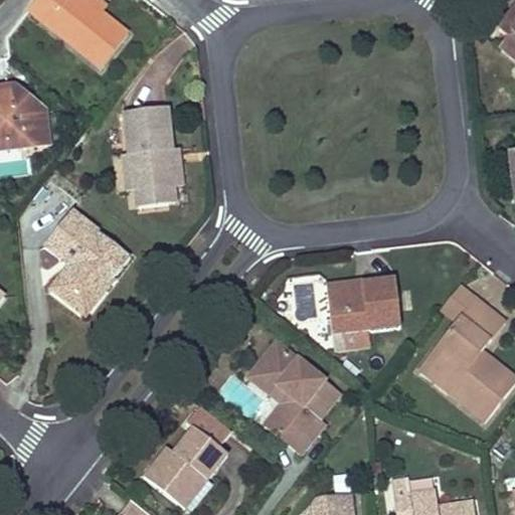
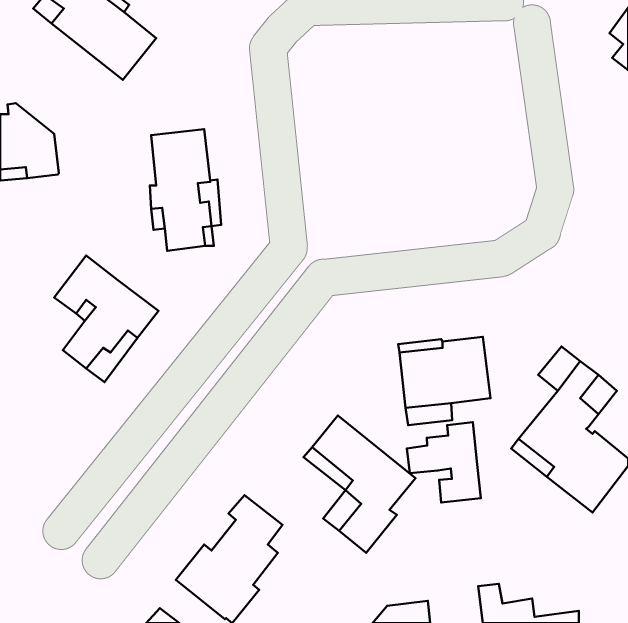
building: none -> [407,422,481,502]

